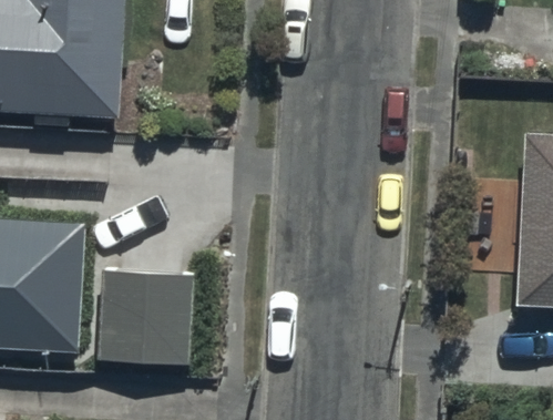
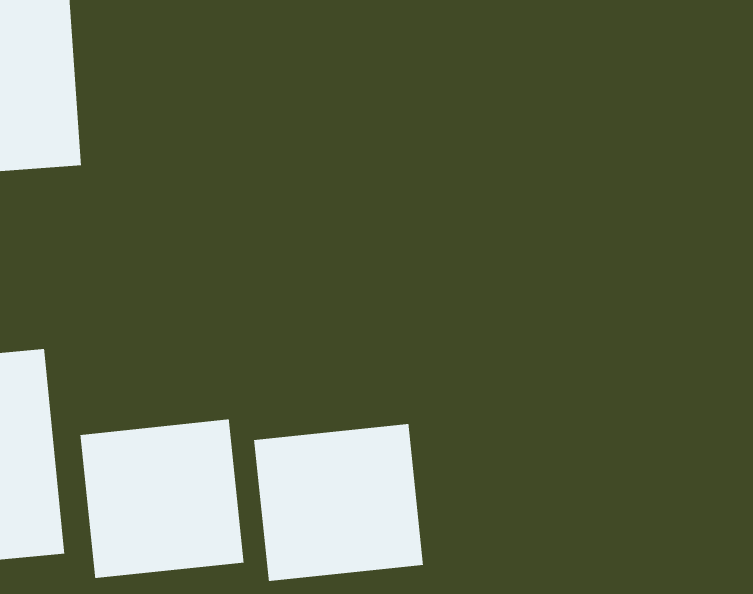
building: none -> [253,423,424,582]

